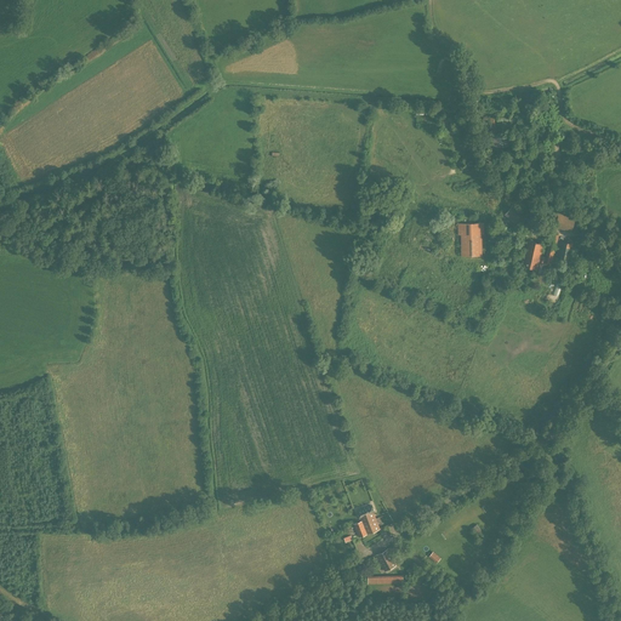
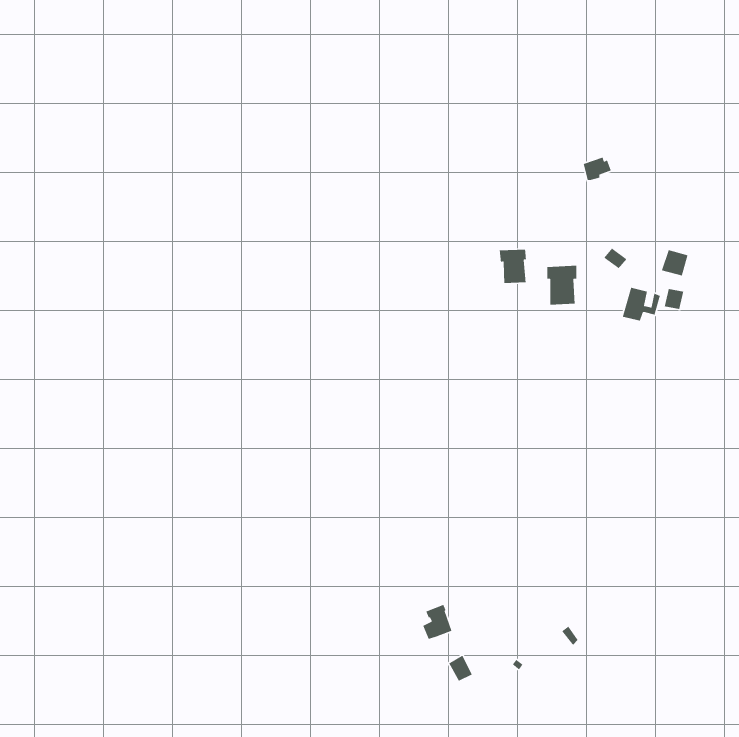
building: none -> [499,249,527,284]

